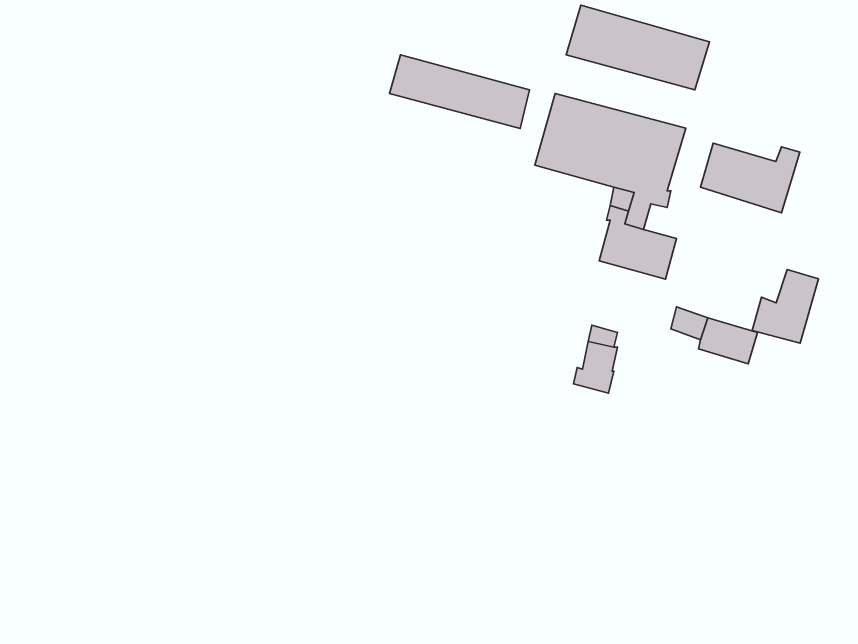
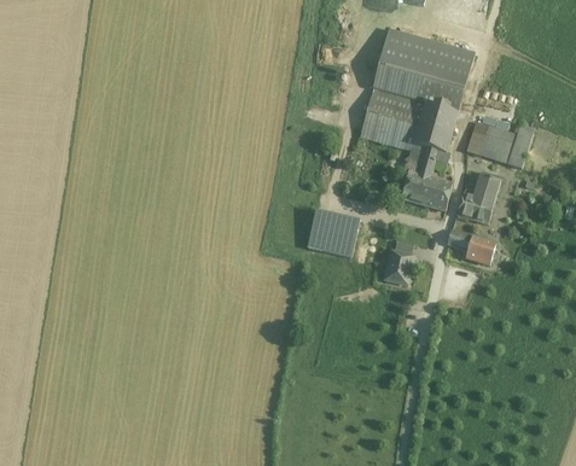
building: [390,55,530,128] -> [372,63,464,111]
building: [752,270,819,343] -> [456,174,500,222]
building: none -> [308,208,359,249]

